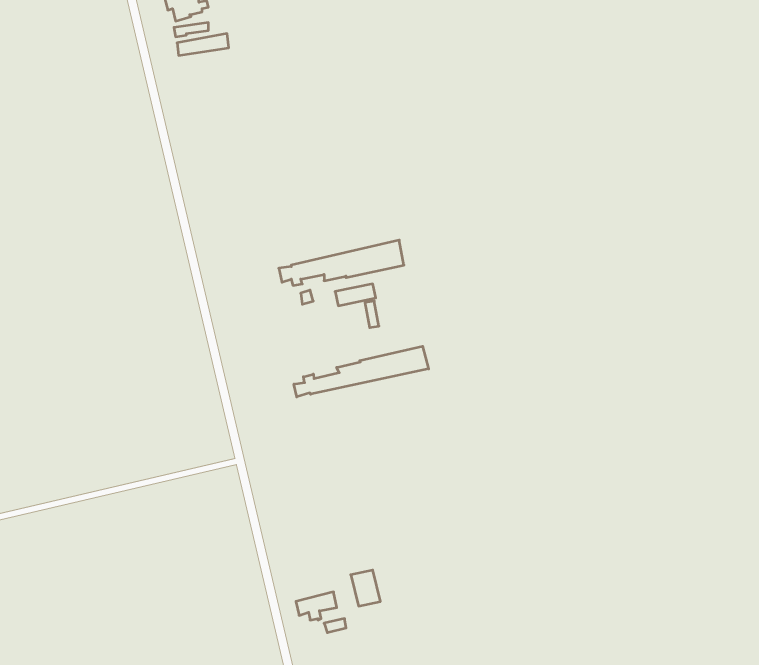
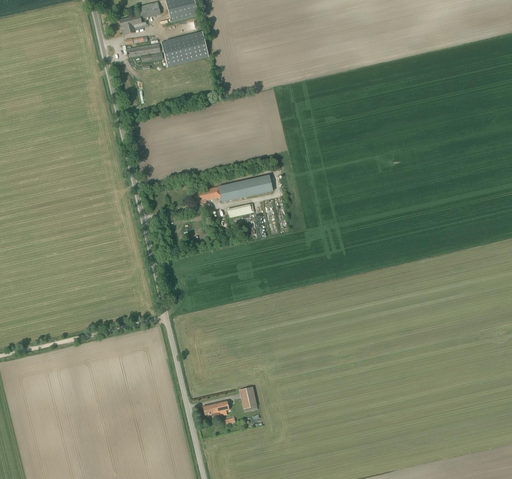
building: none -> [161,32,208,66]
building: [294,346,429,397] -> none

